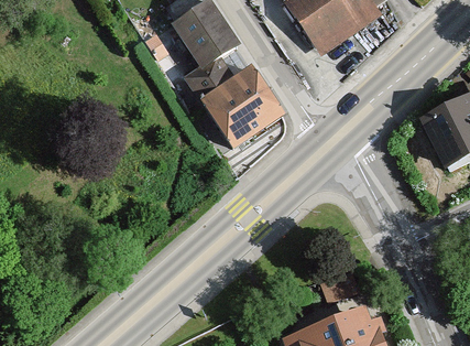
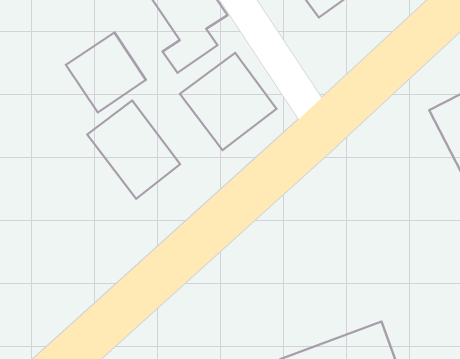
building: none -> [66,32,146,113]
building: none -> [87,100,180,199]

